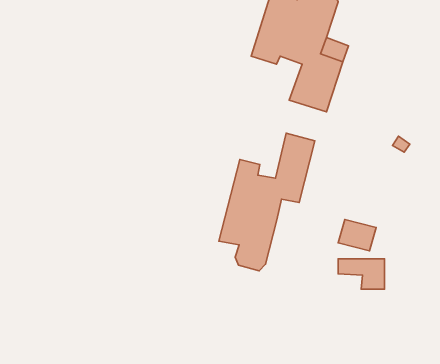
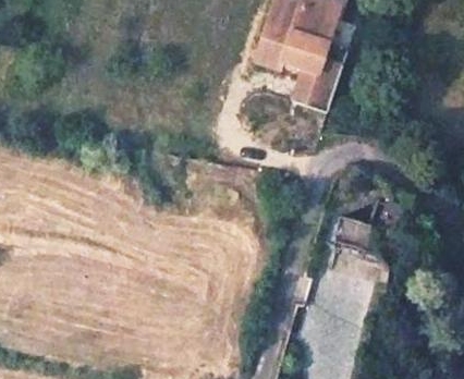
building: [219,133,315,271] -> none

